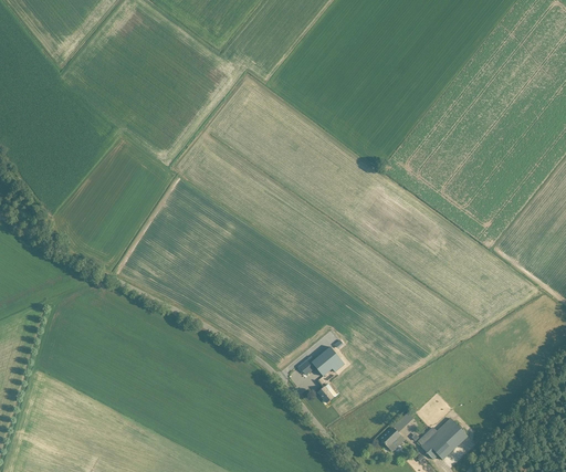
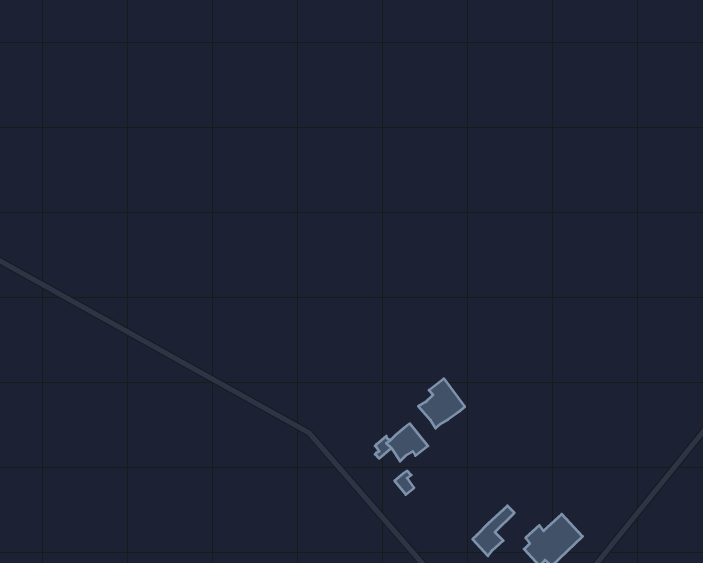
building: none -> [418,379,465,428]

